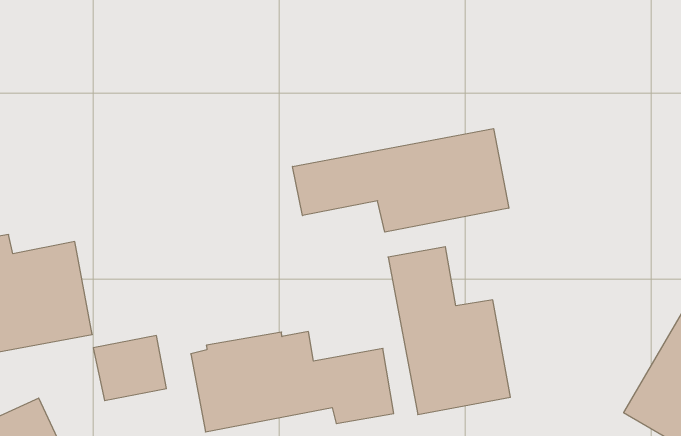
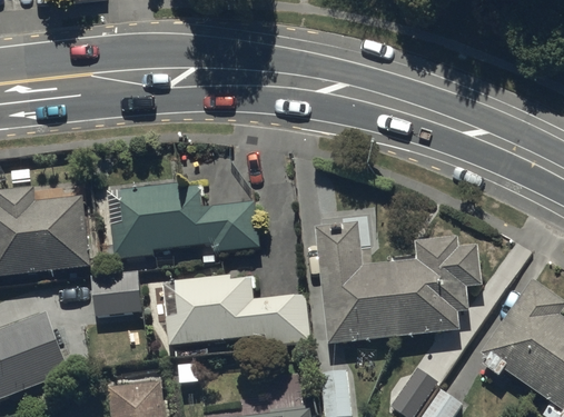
building: [293,129,509,232] -> none
building: none -> [107,182,260,258]
building: none -> [390,235,482,336]

